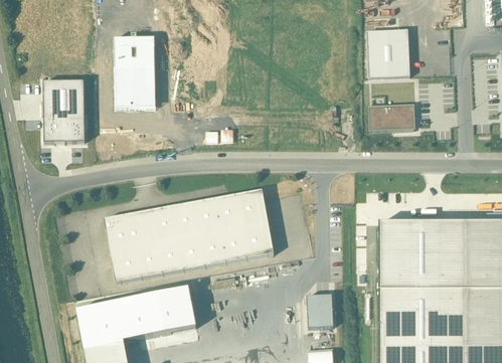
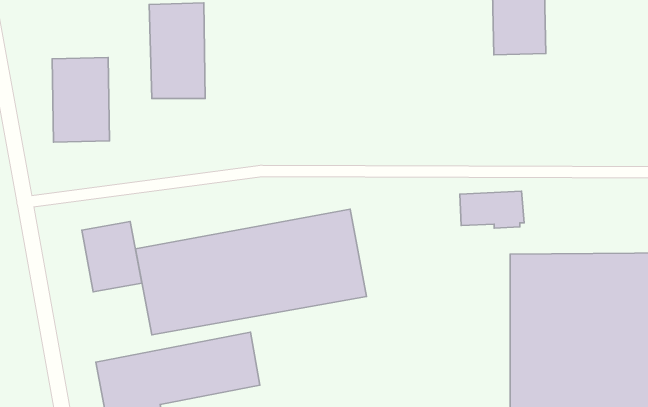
building: [367,104,414,131] -> [460,191,524,228]
building: none -> [82,222,142,292]
building: [309,294,335,327] -> none

